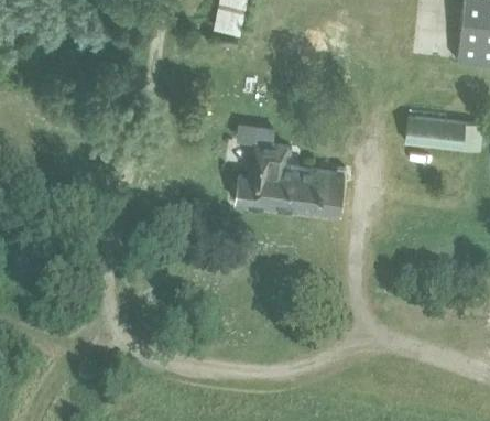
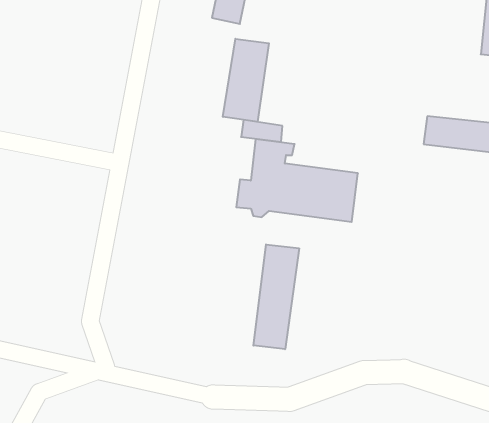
building: none -> [223,39,269,122]
building: none -> [253,244,299,349]

